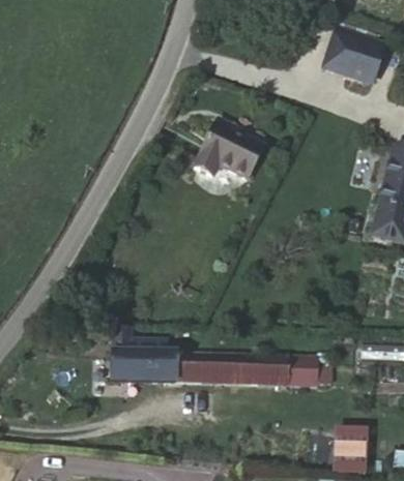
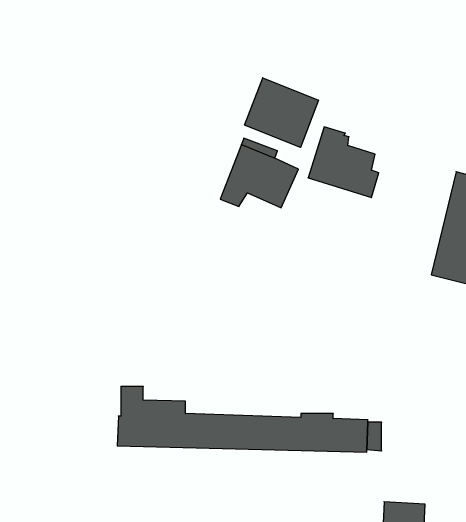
building: [323,25,382,84] -> [308,127,379,198]
building: none -> [245,78,318,147]

